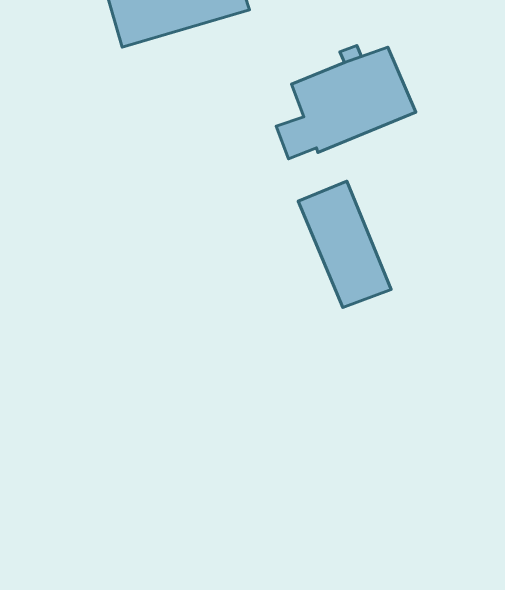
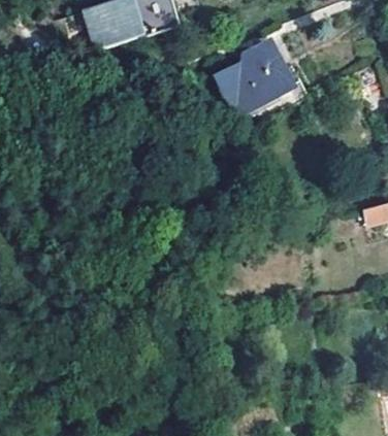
building: [298,181,391,308] -> none

